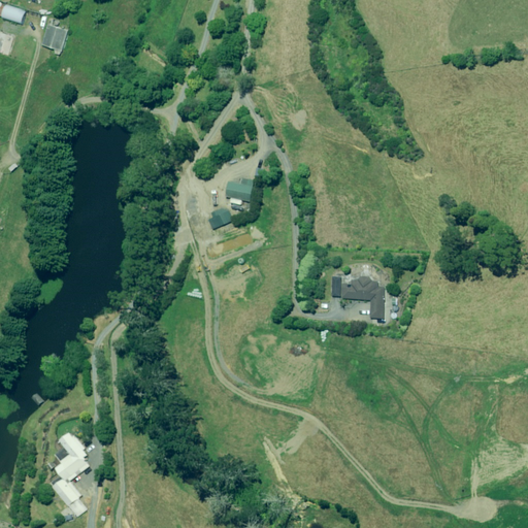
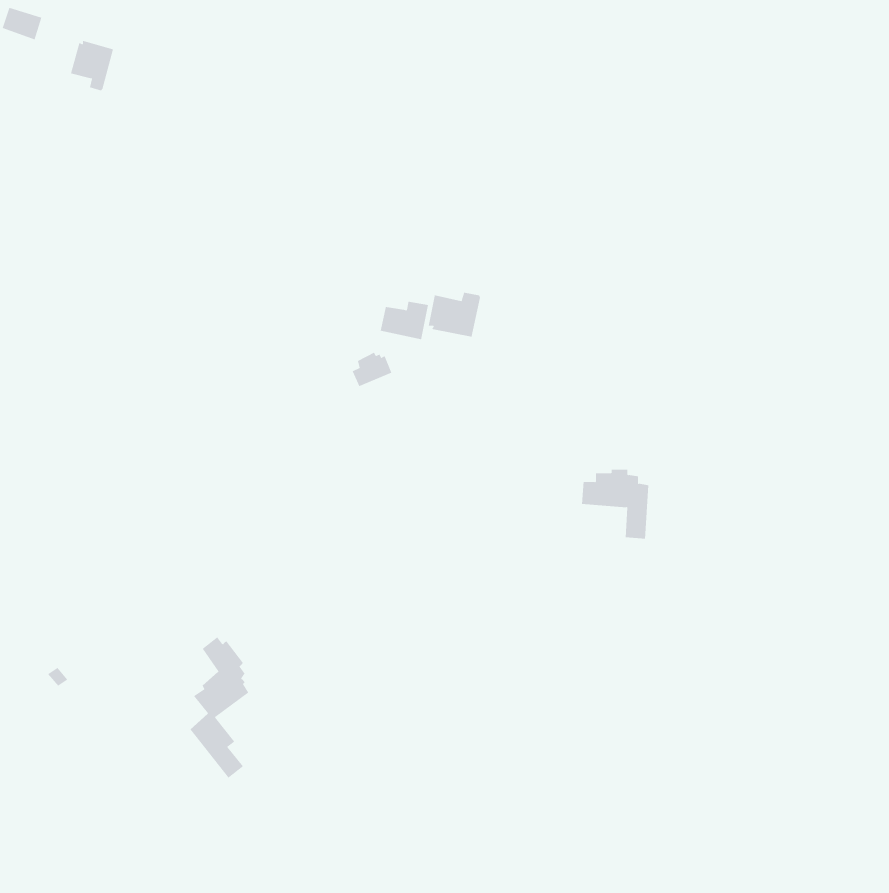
building: none -> [428,292,481,338]
building: [53,432,88,516] -> [190,637,249,778]

